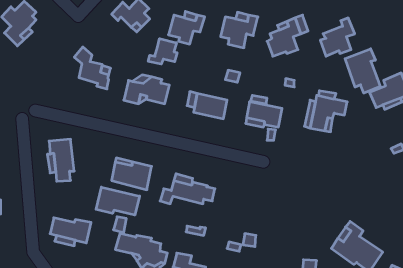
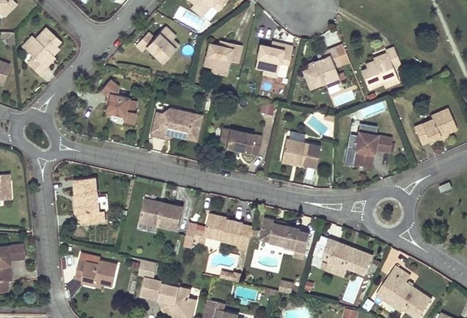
building: [148,39,177,64] -> none
building: [345,49,380,93] -> none
building: none -> [258,216,311,256]
building: [96,187,140,215] -> none
building: none -> [320,237,371,275]

